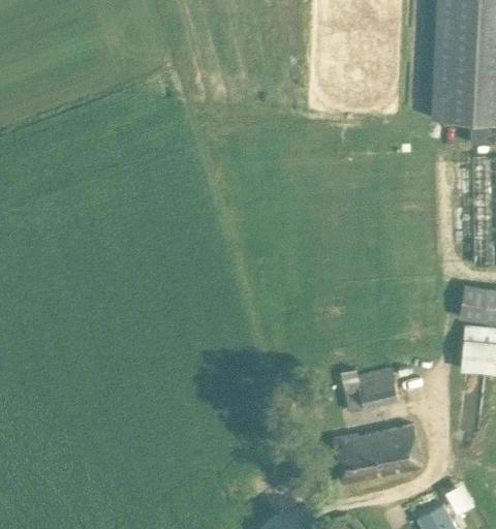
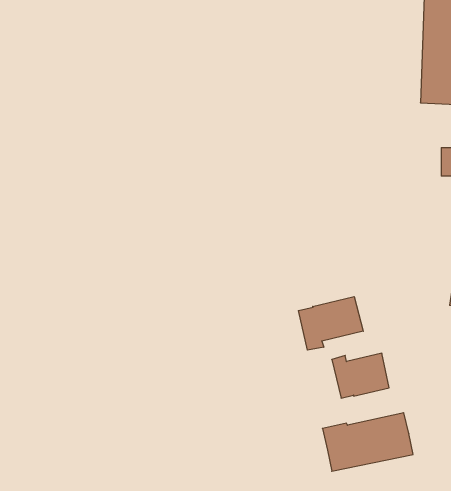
building: none -> [298,297,363,350]

